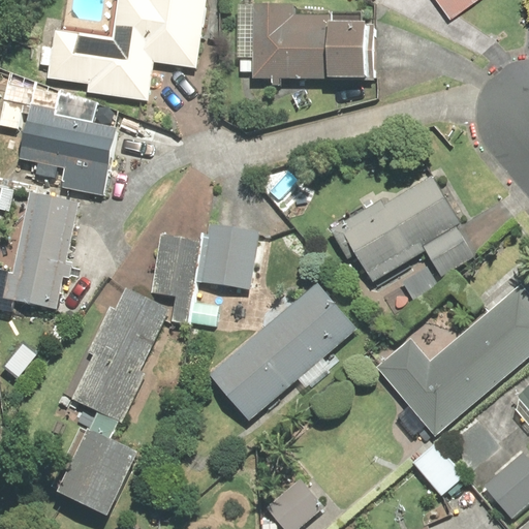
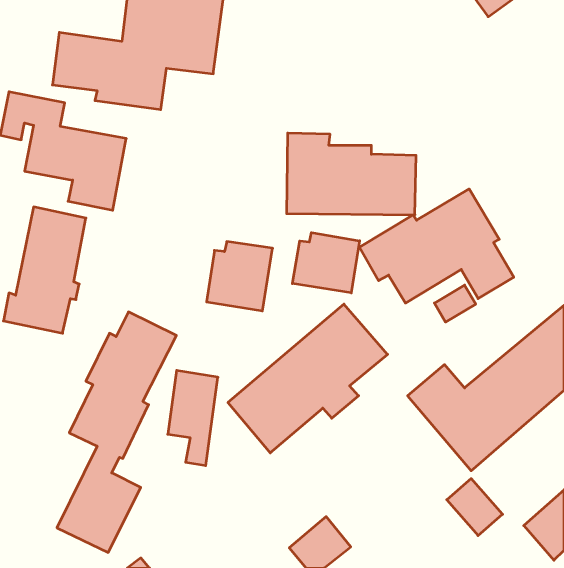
building: [255,5,375,81] -> [287,133,416,215]
building: none -> [292,233,360,293]
building: [147,232,193,320] -> [168,370,218,466]

